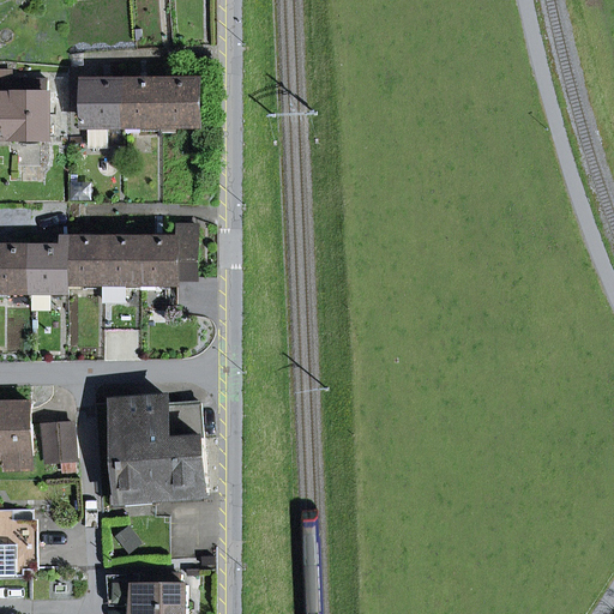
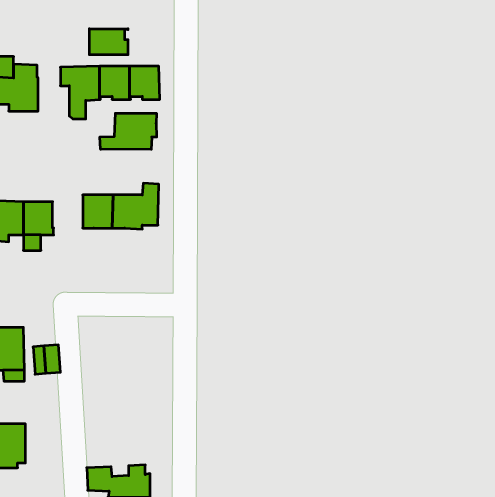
building: none -> [89,29,128,55]
building: none -> [100,113,157,149]
building: [65,239,102,289] -> none
building: [113,398,206,498] -> none

